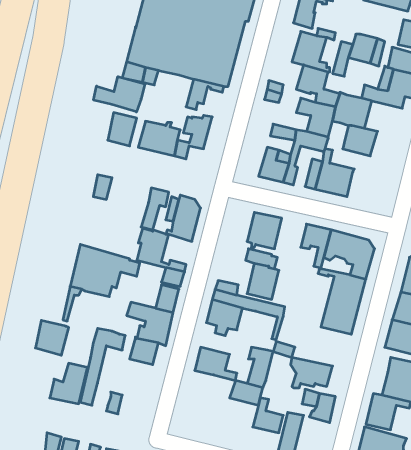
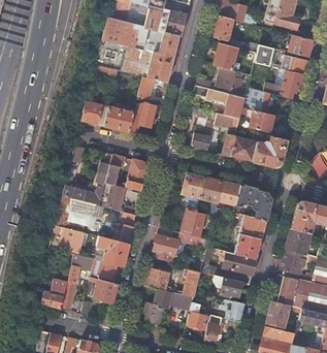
building: [94,77,145,112] -> none
building: none -> [253,134,287,166]
building: none -> [63,163,111,205]
building: none -> [201,176,224,202]
building: [35,320,69,355] -> [62,228,86,253]
building: none -> [222,252,256,277]
building: none -> [94,280,119,304]
building: none -> [144,288,173,322]

